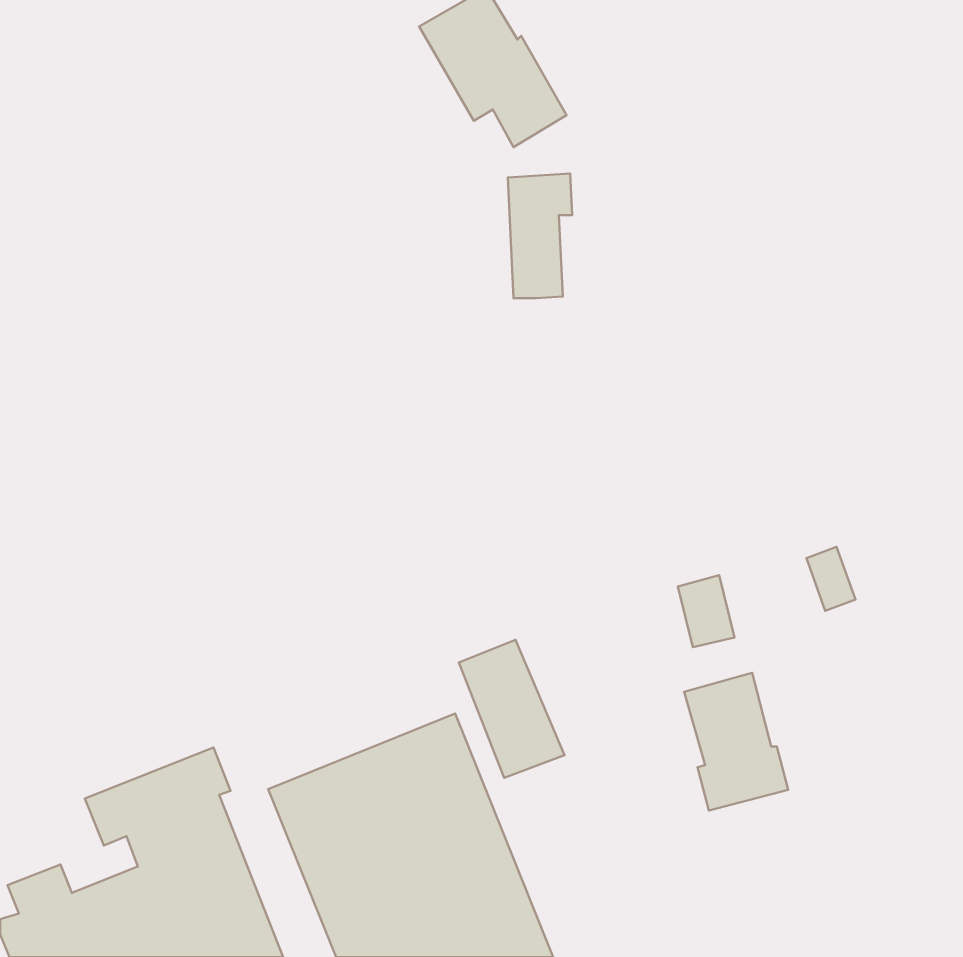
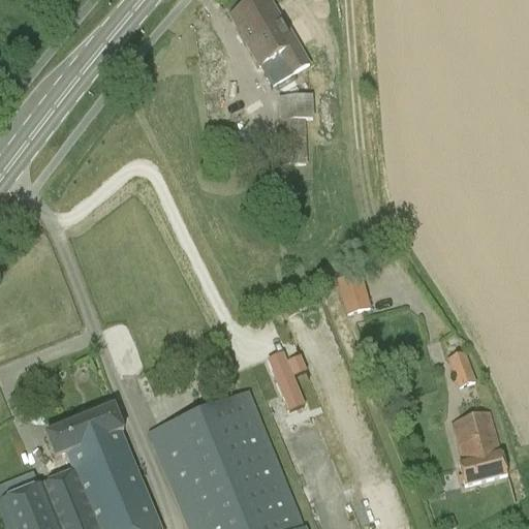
building: [806,547,855,611] -> [448,352,475,387]
building: [678,575,734,647] -> [340,275,371,314]
building: [684,673,788,811] -> [452,411,508,487]

